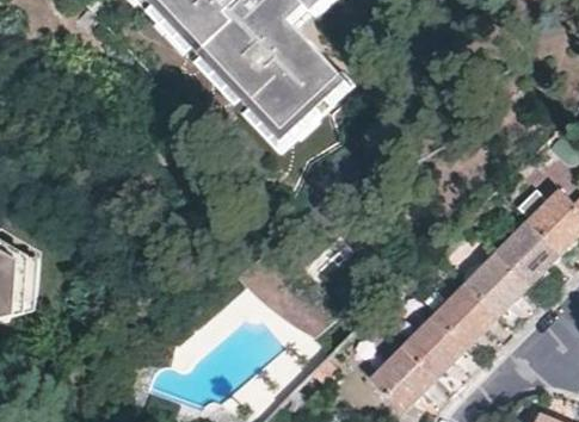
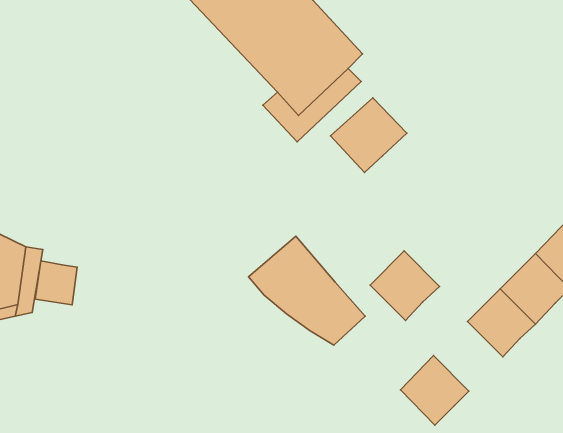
building: none -> [331,98,407,172]
building: none -> [35,261,77,305]
building: [401,317,464,380] -> [370,251,440,320]

